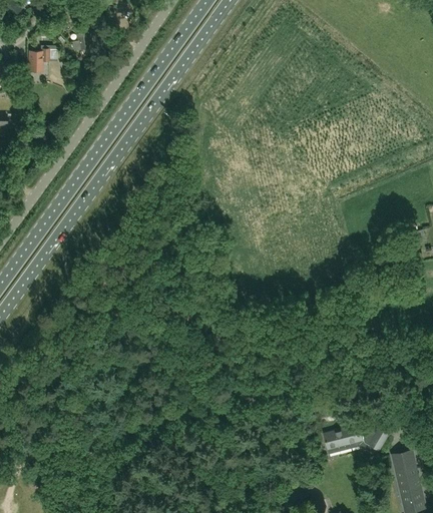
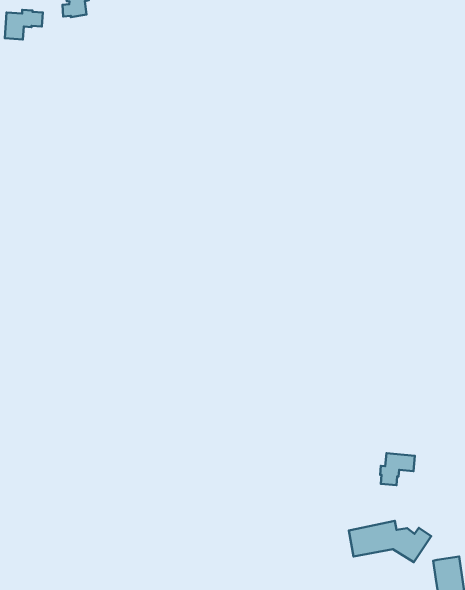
building: none -> [380,453,415,485]

